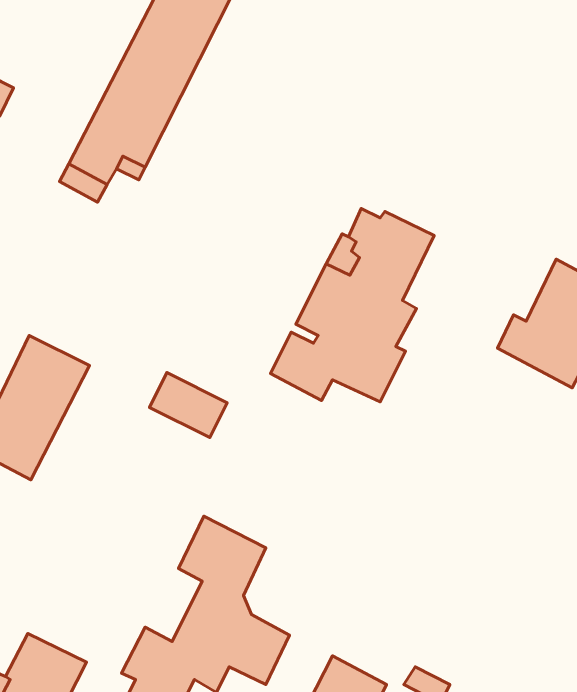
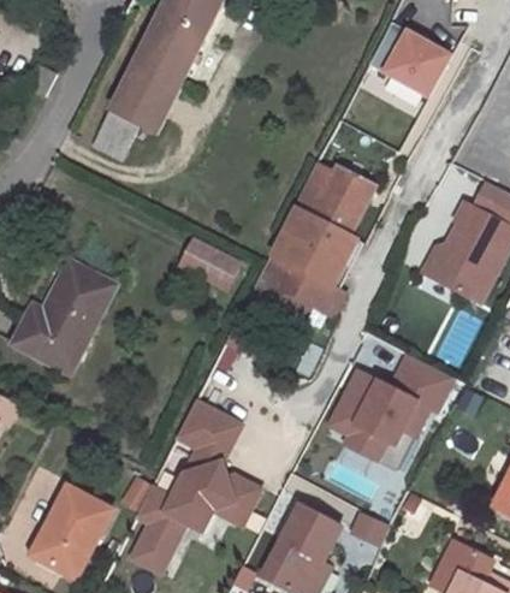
building: none -> [385,25,459,97]
building: [149,373,227,438] -> [177,238,236,287]
building: none -> [326,356,456,473]

